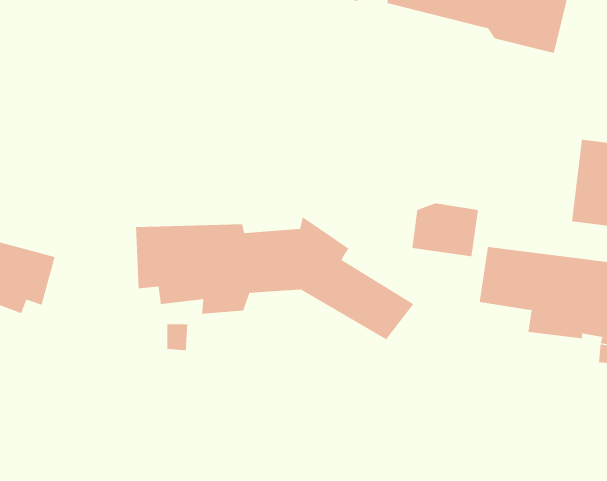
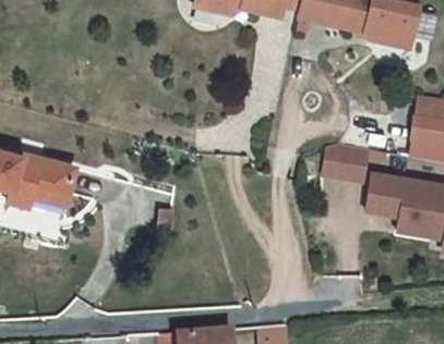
building: [135,216,414,340] -> none

